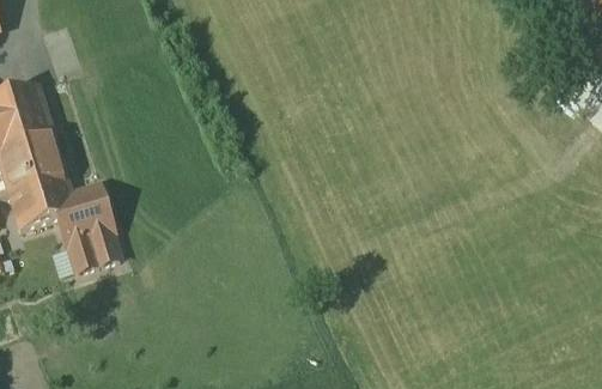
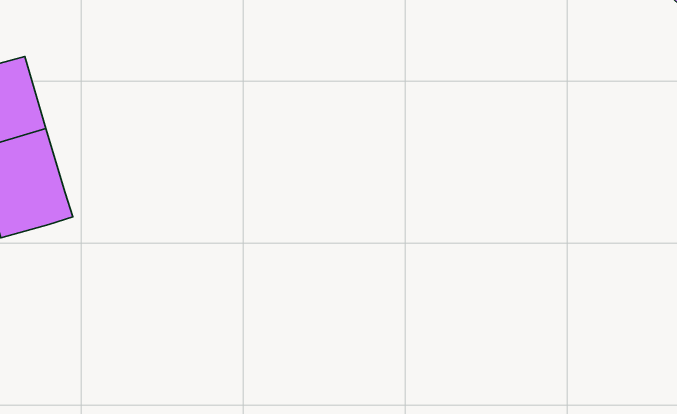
building: [56,182,117,268] -> none

